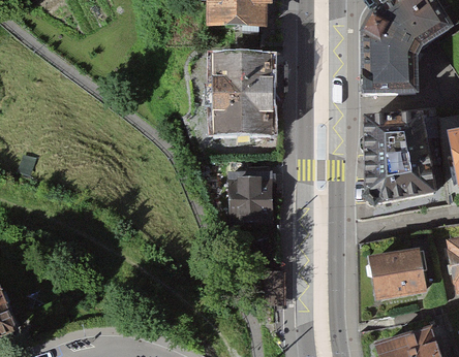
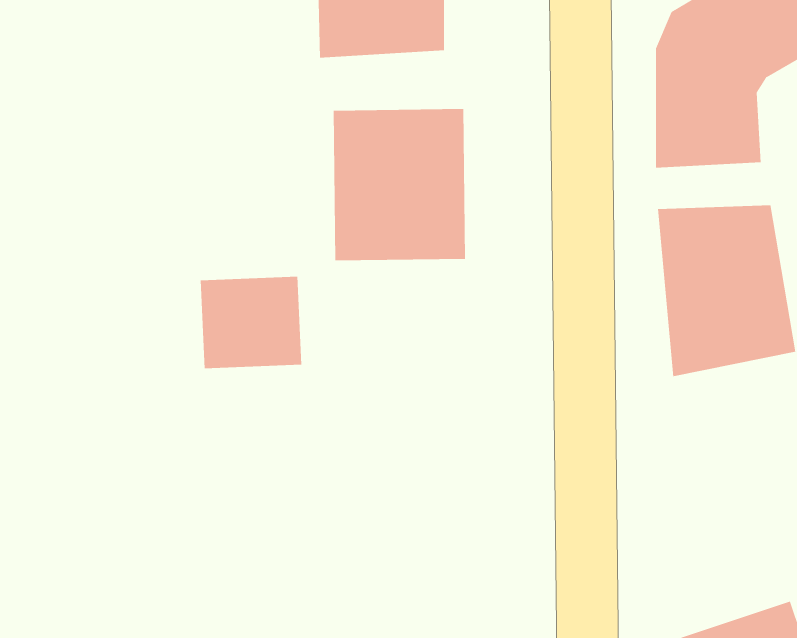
building: [224,173,279,223] -> [200,276,302,369]
building: [372,245,432,298] -> none

